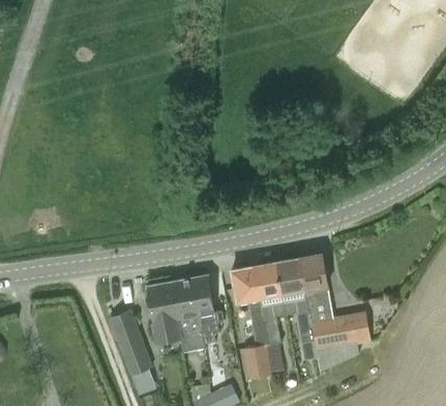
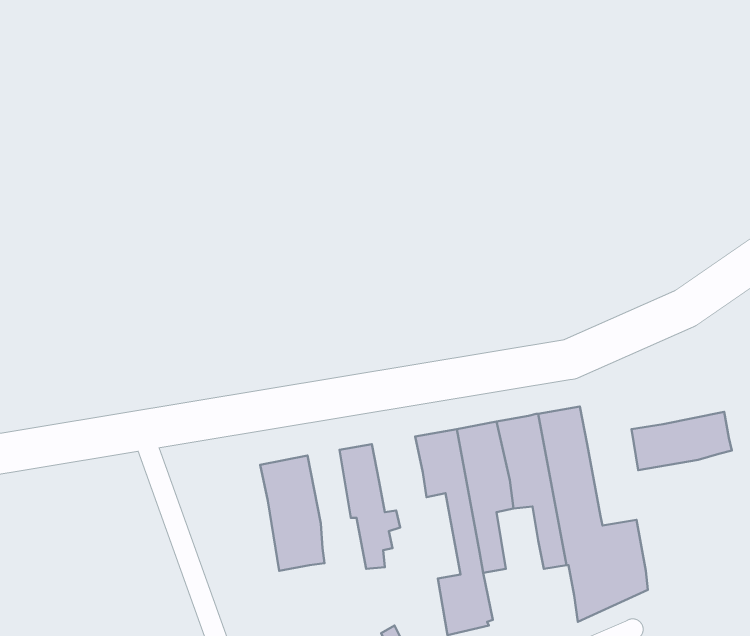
building: none -> [631,412,732,470]
building: [172,278,205,352] -> none
building: [110,310,151,375] -> none

